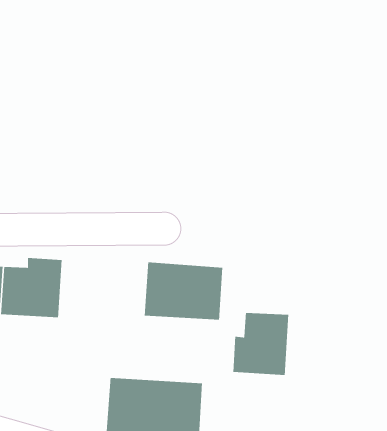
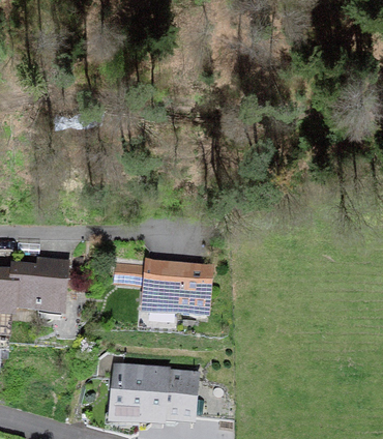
building: [232,312,289,376] -> none

